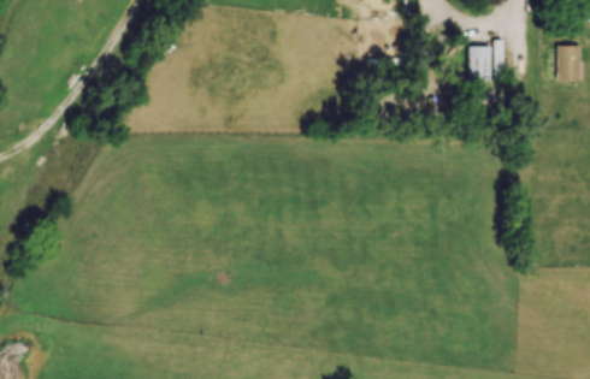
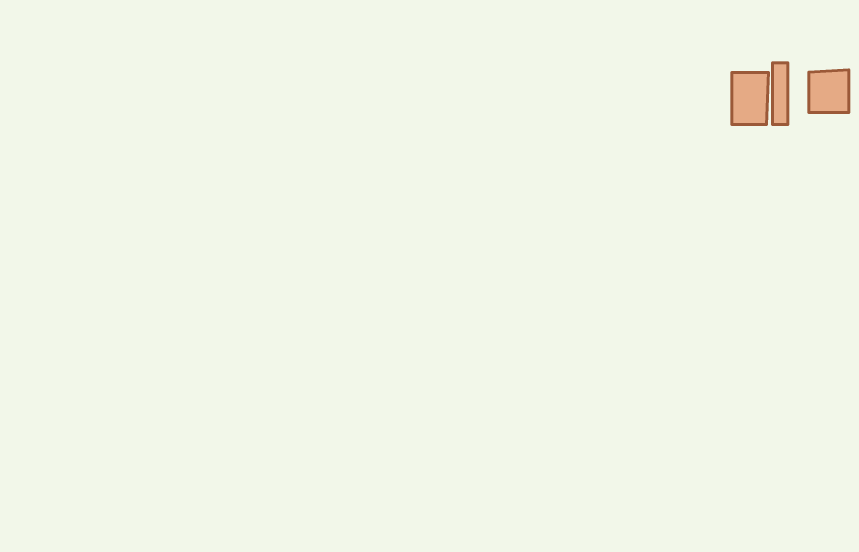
building: none -> [809,70,849,112]

